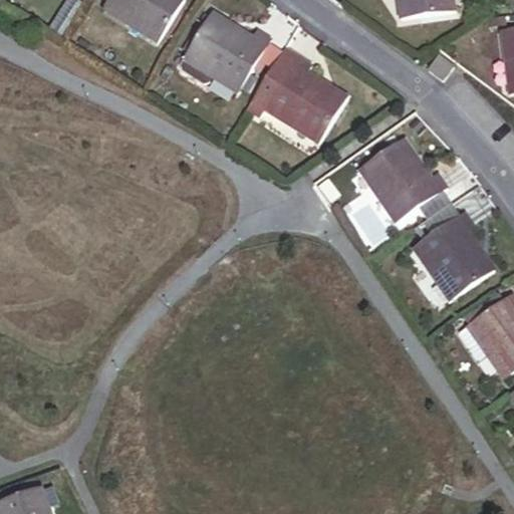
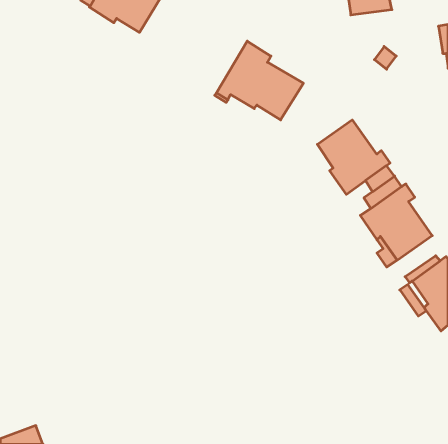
building: [180,12,270,92] -> none

